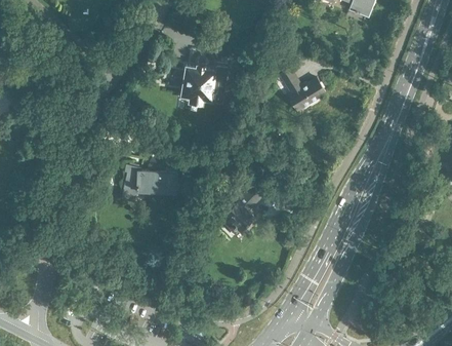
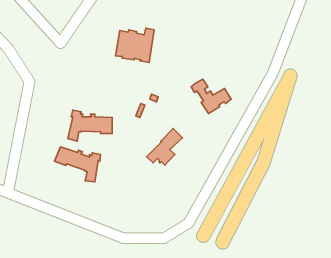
building: [276,68,325,110] -> [191,79,231,113]
building: none -> [55,147,101,182]

